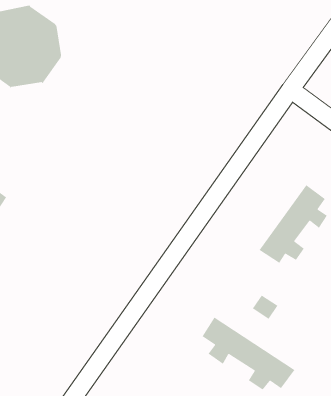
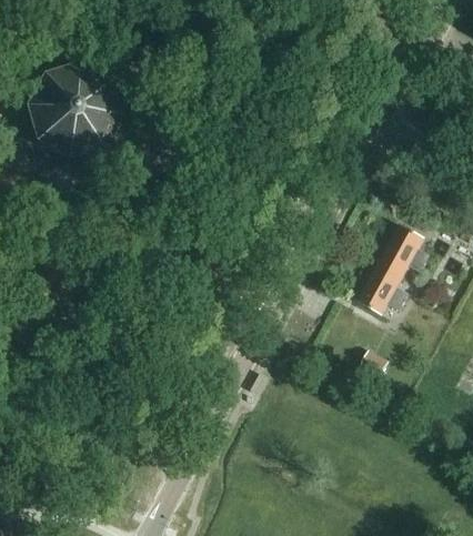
building: [201,316,296,391] -> none

